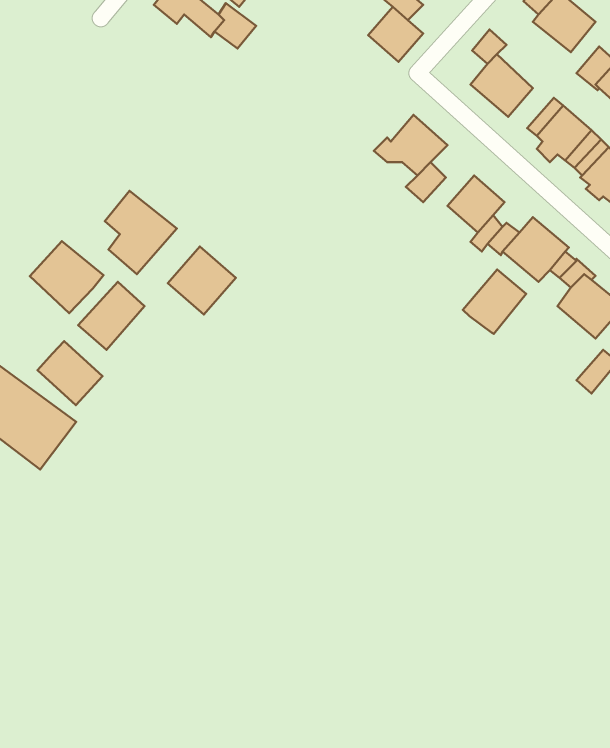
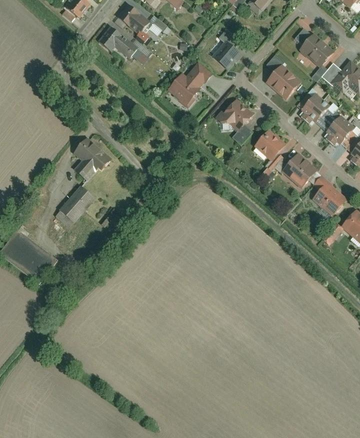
building: none -> [167,61,212,106]
building: [30,241,103,313] -> none
building: [168,246,236,314] -> none
building: [463,270,526,334] -> none
building: [38,341,102,405] -> none

